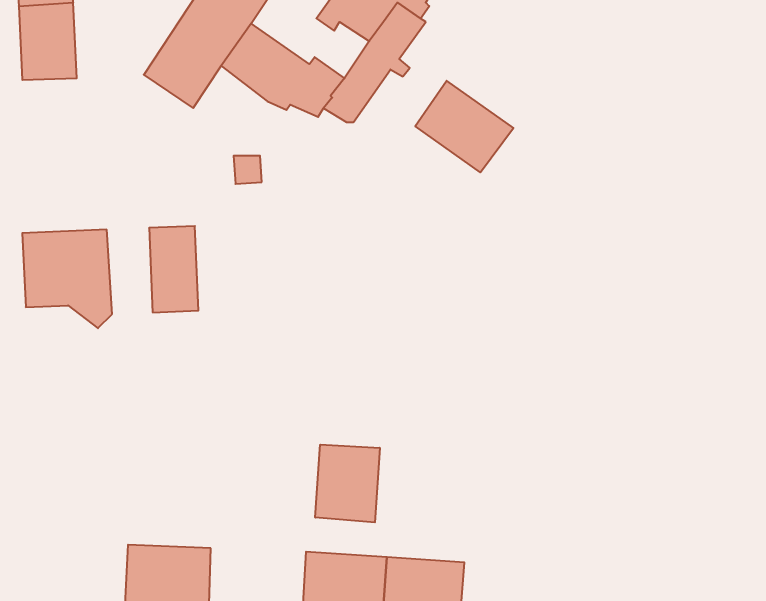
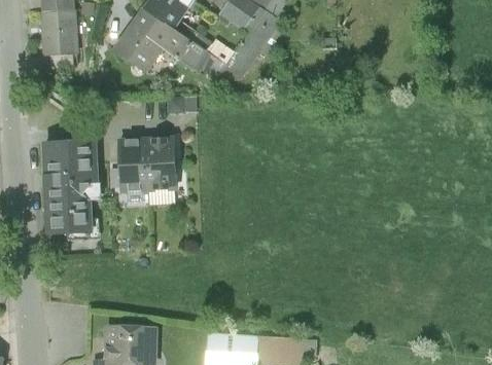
building: [415,81,513,172] -> none
building: none -> [146,139,175,189]
building: none -> [47,186,91,232]
building: [315,445,380,522] -> none

